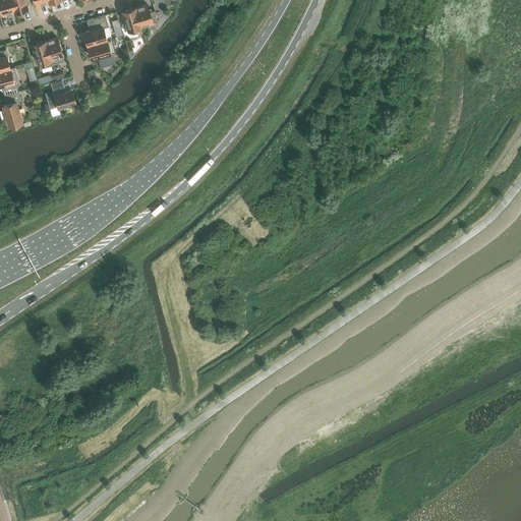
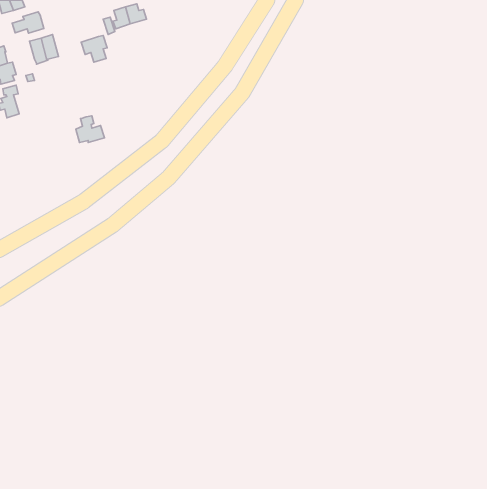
building: none -> [12,12,44,33]
building: [82,14,106,45] -> none
building: [44,78,74,107] -> [76,116,104,143]

